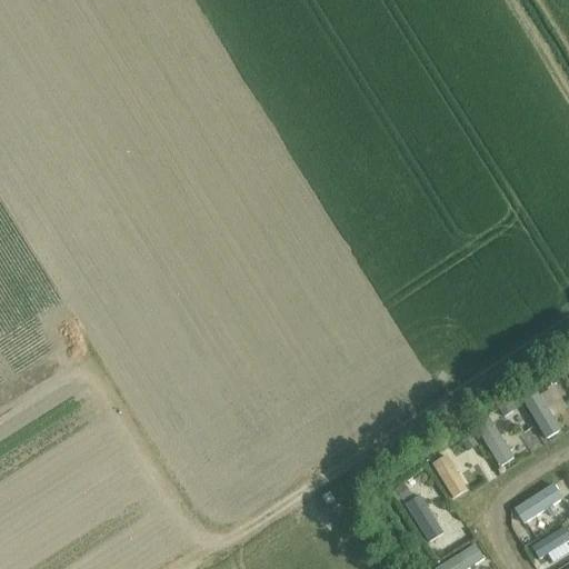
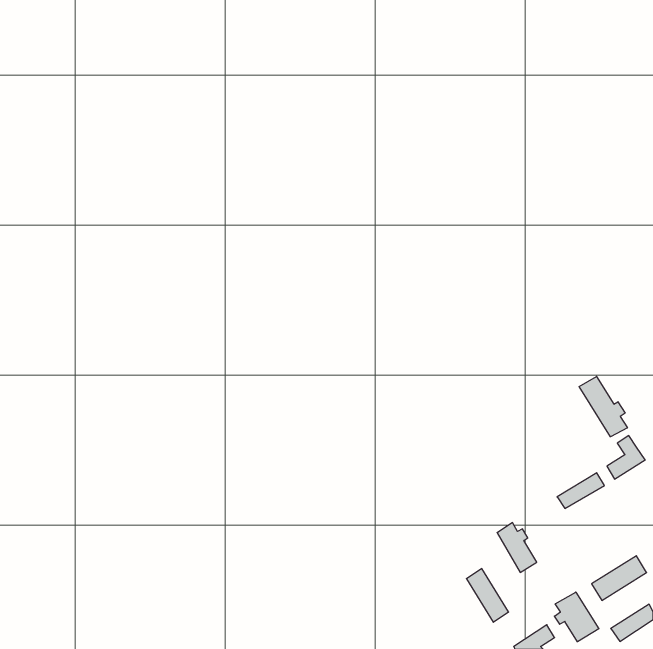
building: none -> [579,376,627,437]
building: none -> [554,592,599,642]

